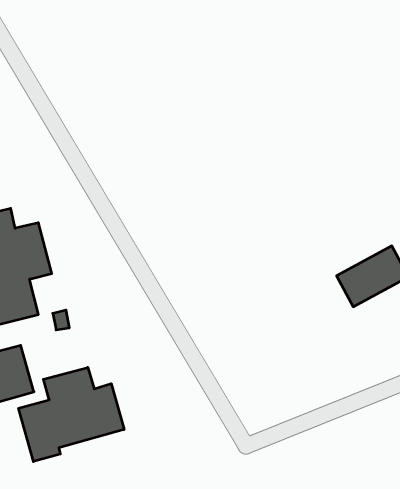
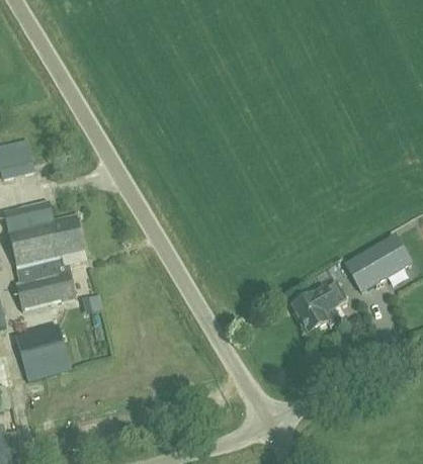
building: none -> [291,280,347,334]
building: [19,367,124,462] -> none

